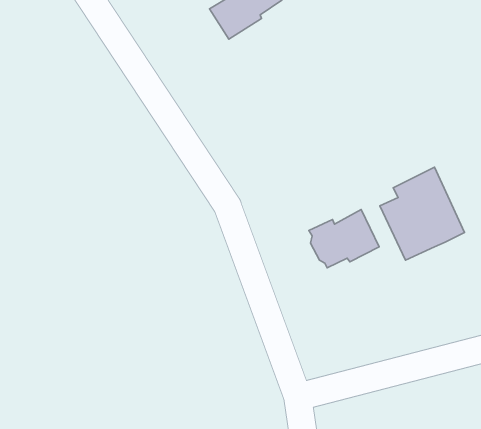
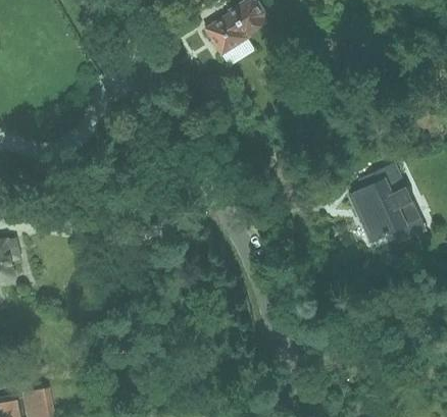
building: [309,210,379,268] -> none

